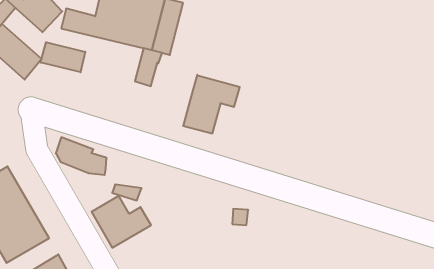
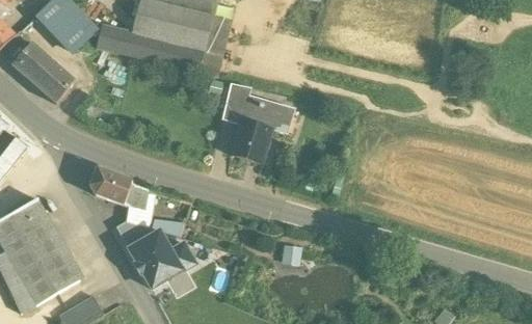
building: [40,42,85,72] -> none
building: [135,48,162,86] -> [220,82,250,124]
building: none -> [115,221,159,248]

